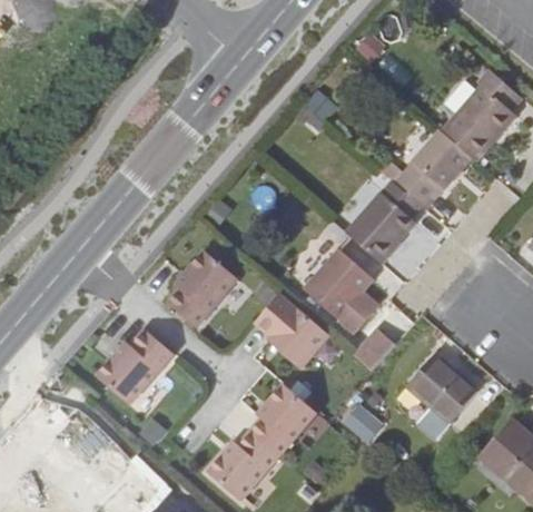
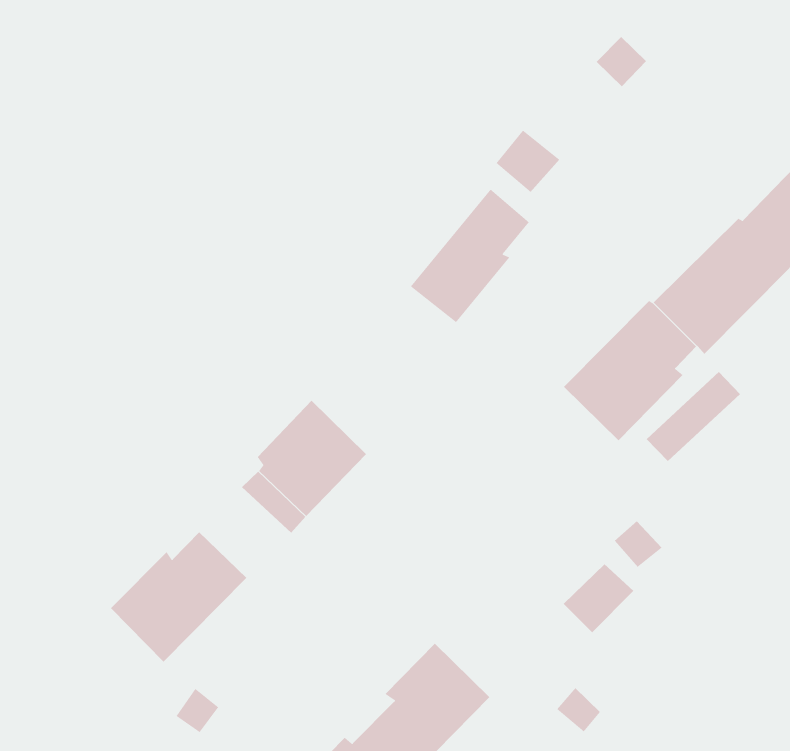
building: none -> [410,189,530,323]
building: [304,249,378,334] -> none
building: [254,294,329,372] -> none
building: [407,355,478,424] -> none

